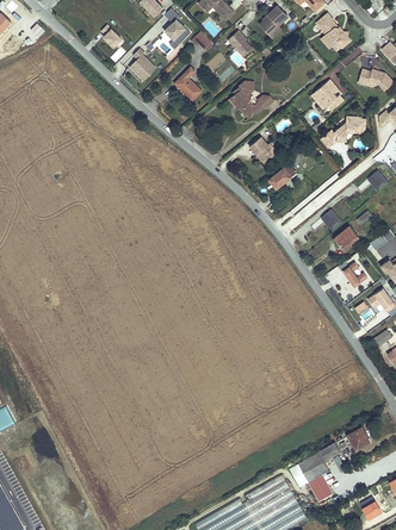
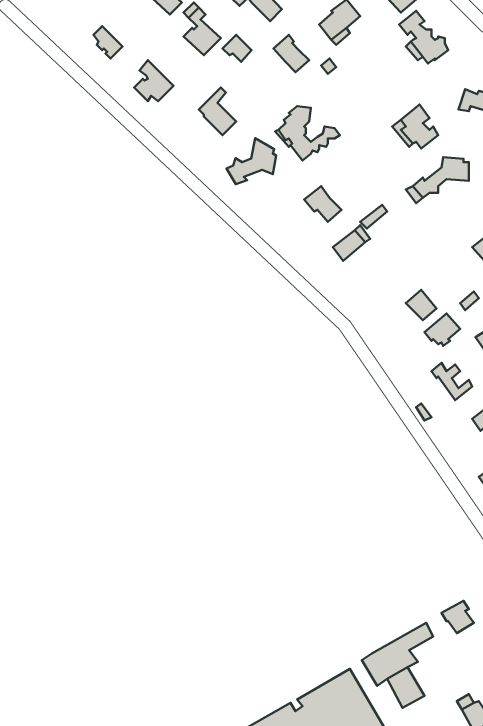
building: none -> [226,138,276,184]

